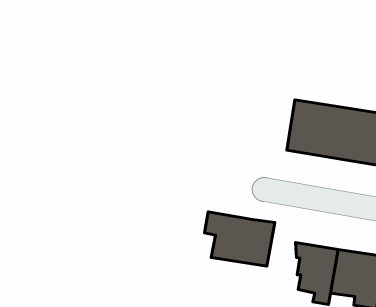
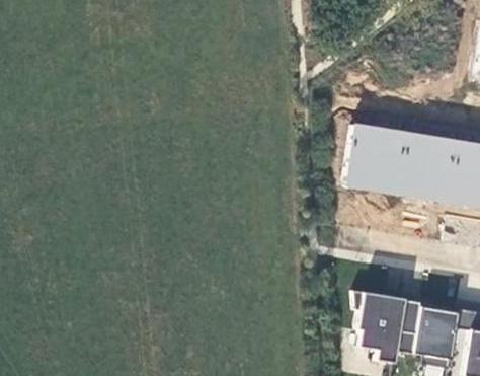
building: [205,212,275,266] -> none

